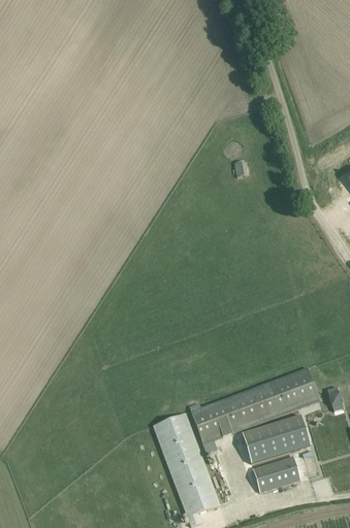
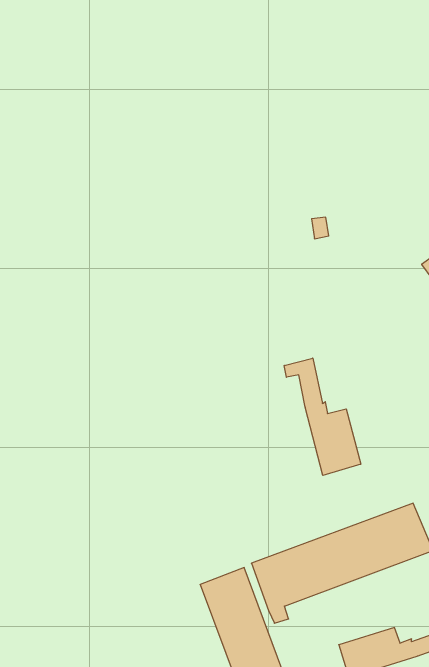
building: none -> [284,358,361,475]
building: [242,416,311,464] -> none

